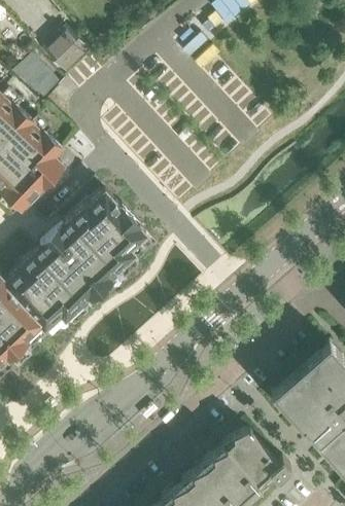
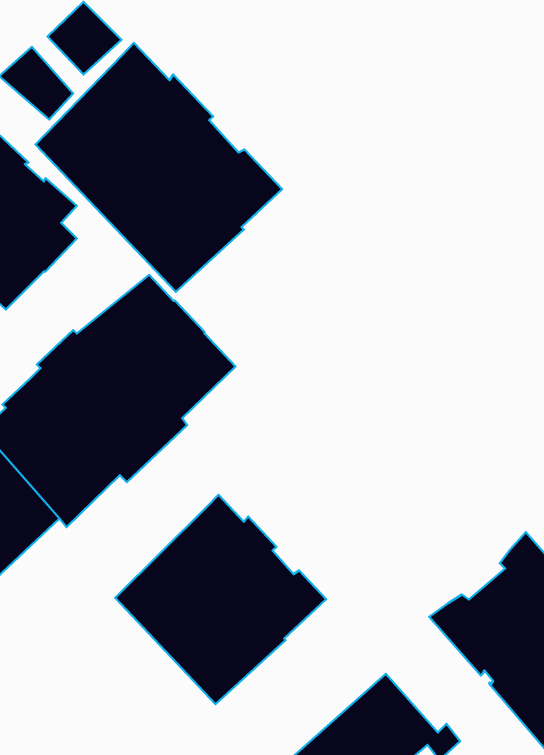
building: none -> [35,43,282,292]
building: none -> [115,495,326,704]

